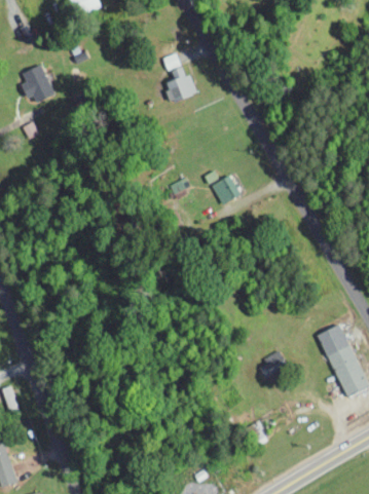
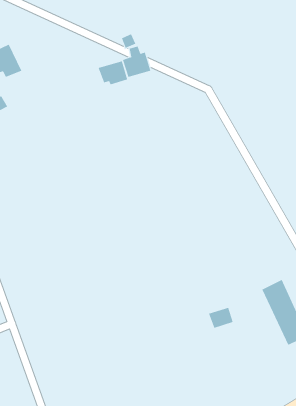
building: none -> [98,60,128,85]
building: [212,175,241,203] -> none

